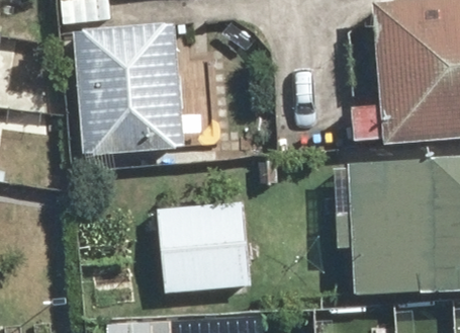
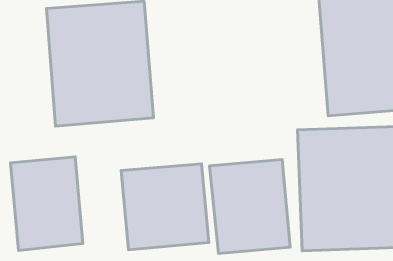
building: none -> [10,157,83,251]
building: none -> [210,159,290,254]

